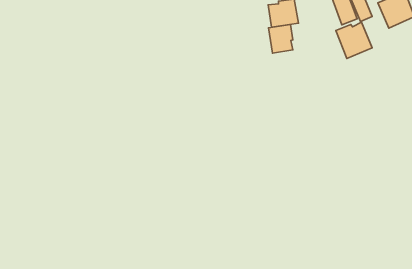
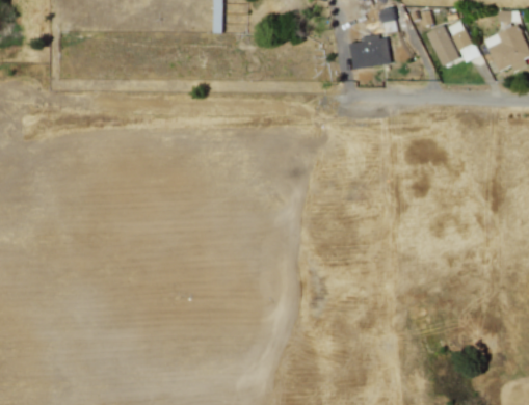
building: [336,22,372,58] -> none
building: [269,25,293,53] -> none

